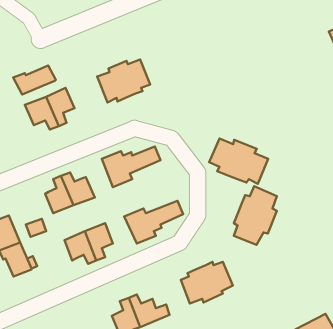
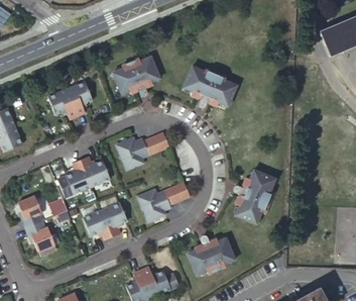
building: [13,66,56,95] -> none
building: [209,139,268,184] -> [183,67,235,107]

